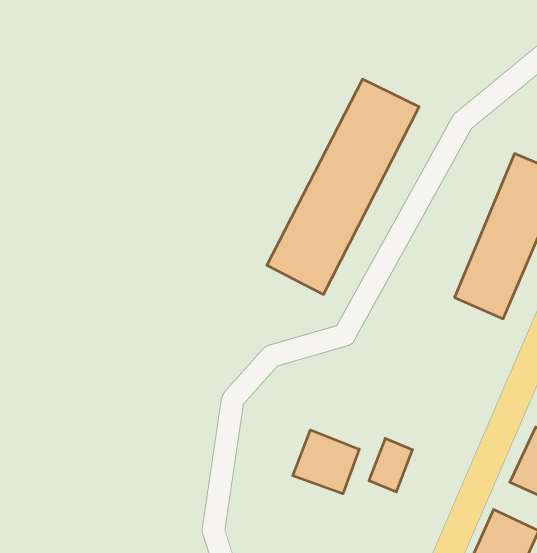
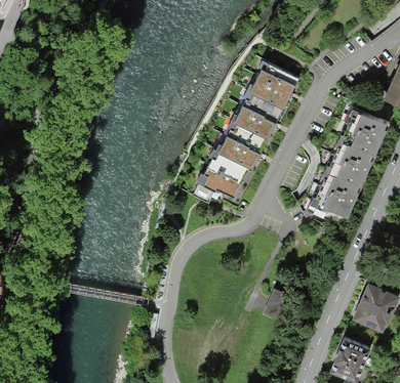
building: [293,430,359,494] -> none

